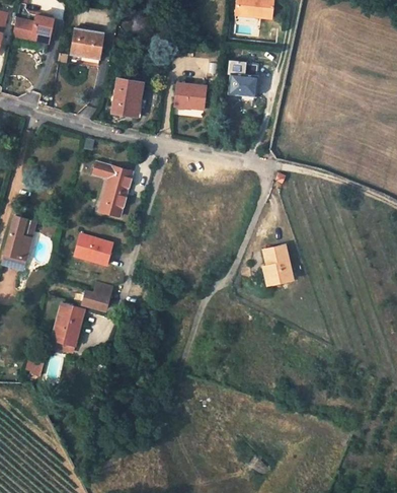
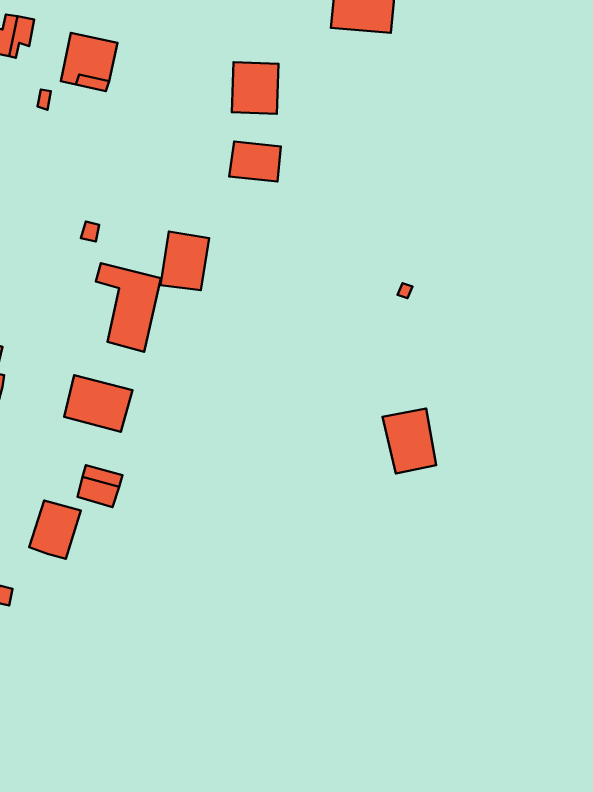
building: [226,67,254,98] -> [232,62,279,114]
building: [110,83,140,119] -> [161,232,209,290]

